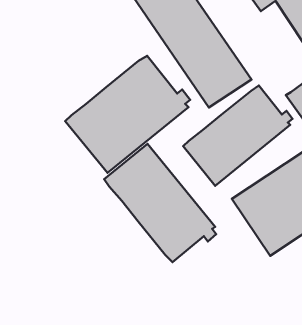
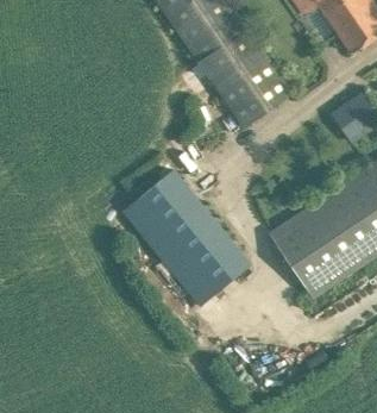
building: [65,56,190,173] -> none
building: [183,86,292,186] -> none

